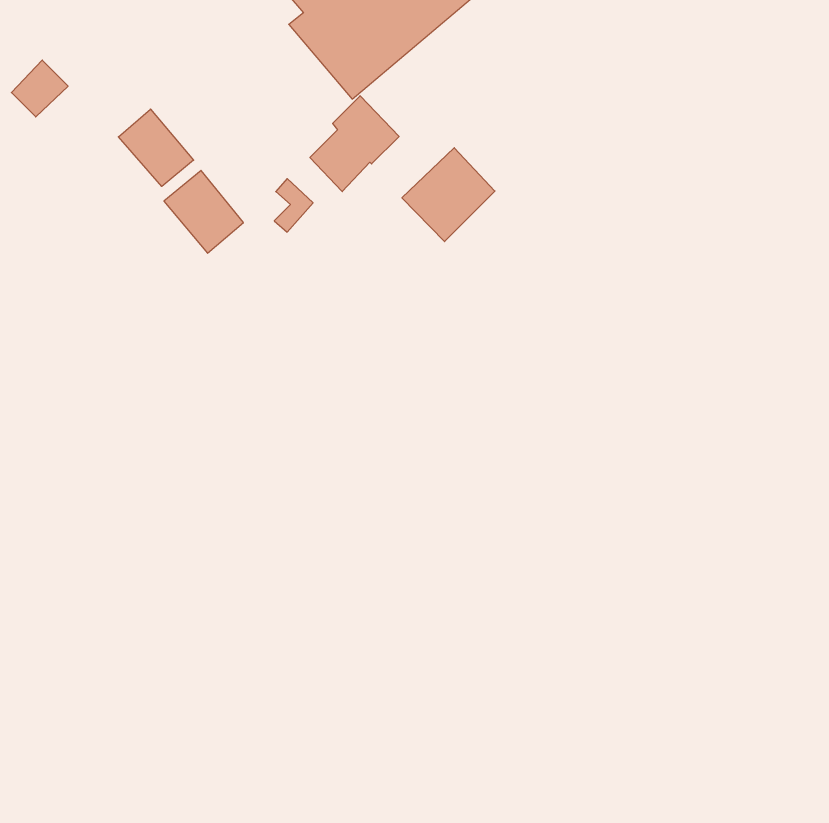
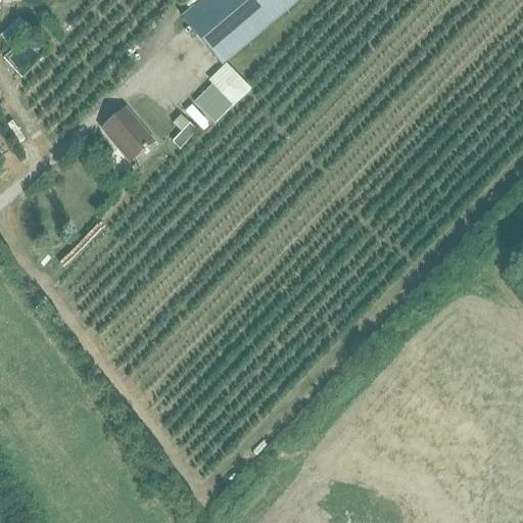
building: [118,109,194,186] -> none
building: [402,148,495,242] -> none

